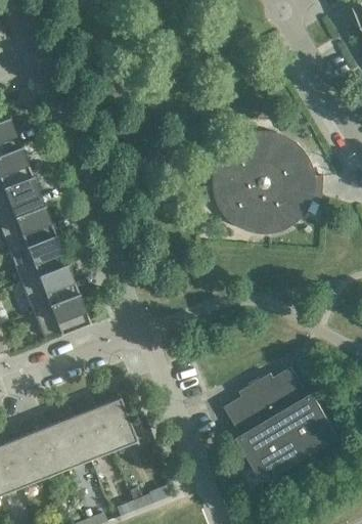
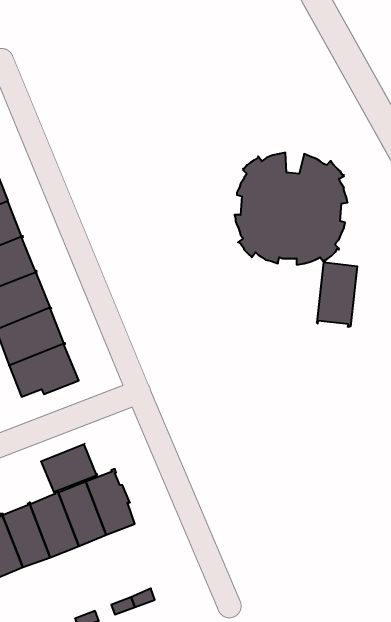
building: none -> [317,262,357,327]
building: [224,366,340,483] -> none
building: none -> [41,444,97,492]

